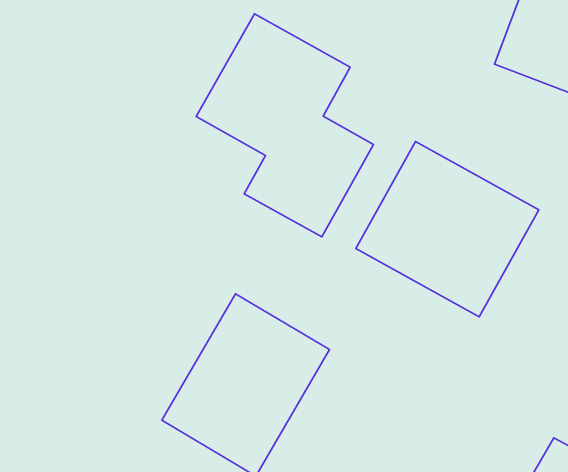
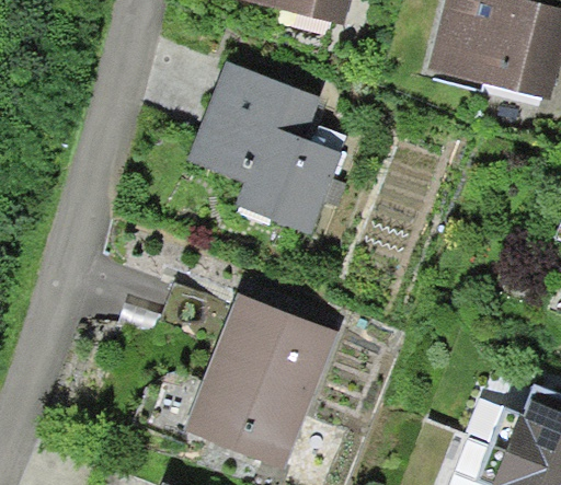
building: [356,142,539,317] -> none

